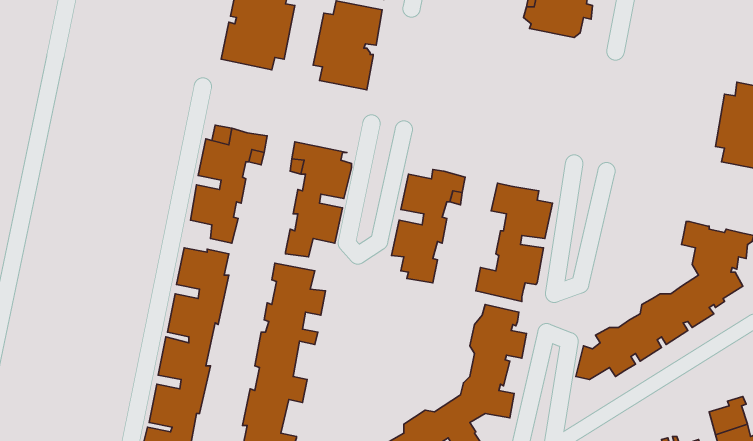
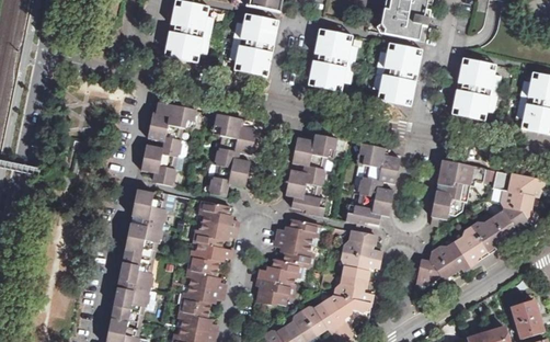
building: none -> [308,27,357,90]
building: none -> [373,42,422,105]
building: none -> [451,56,501,119]
building: none -> [428,159,490,225]
building: none -> [256,217,319,304]

